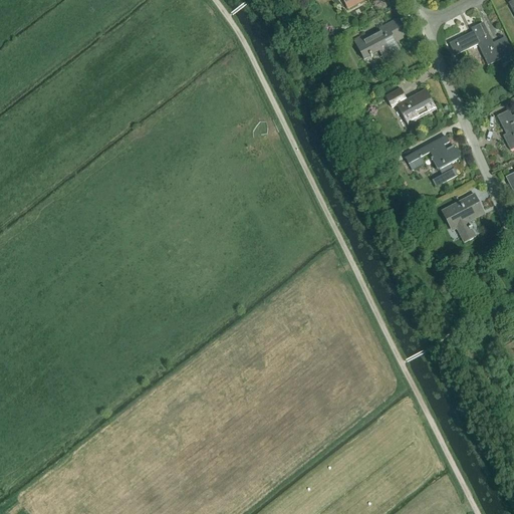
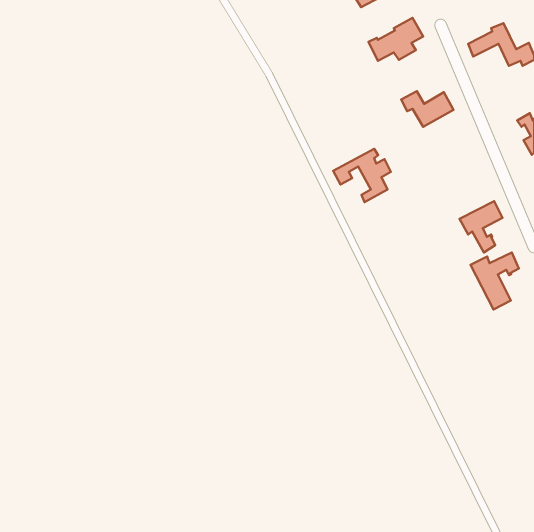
building: [406,135,461,186] -> [333,149,391,202]
building: none -> [471,252,519,310]

